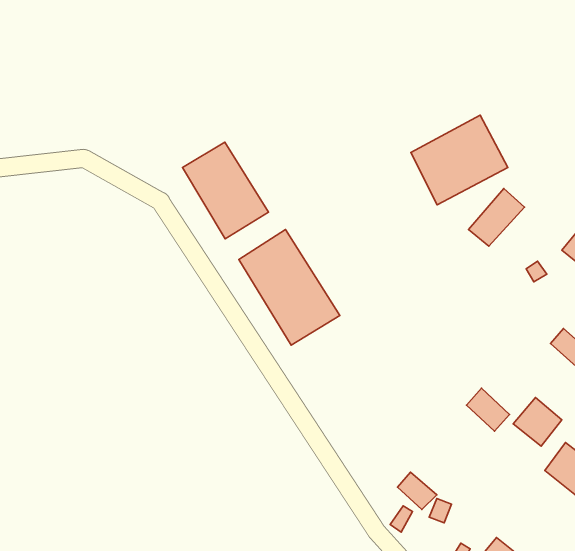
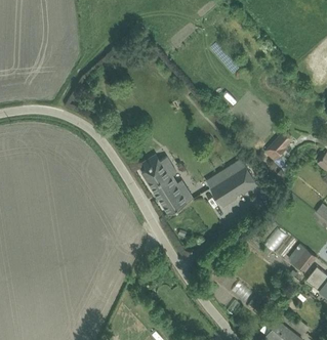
building: [411,115,508,205] -> [202,158,255,207]
building: [183,142,268,239] -> none

